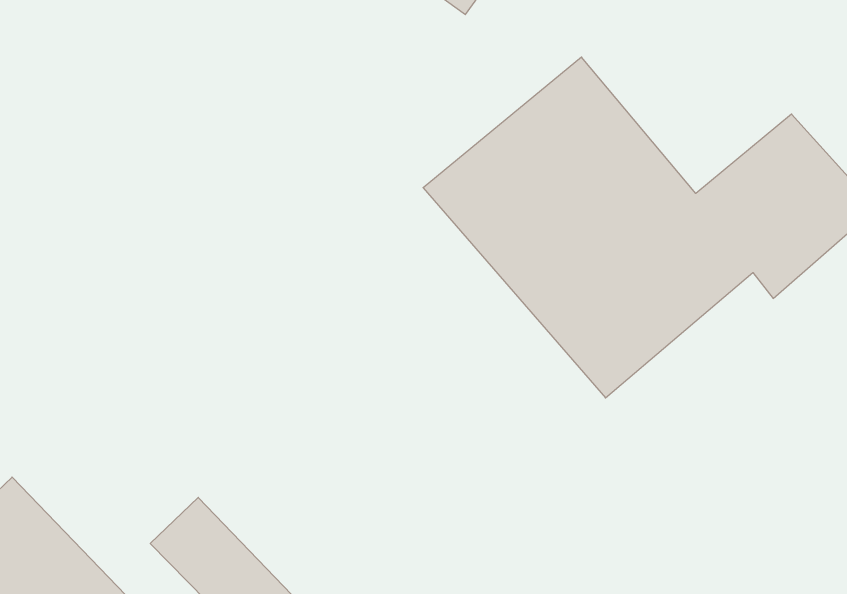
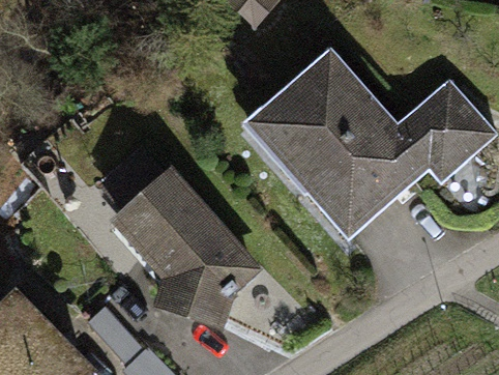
building: none -> [119,171,262,329]

